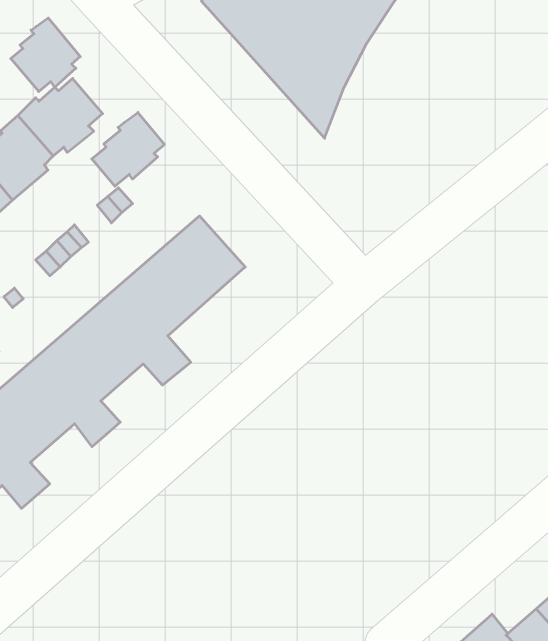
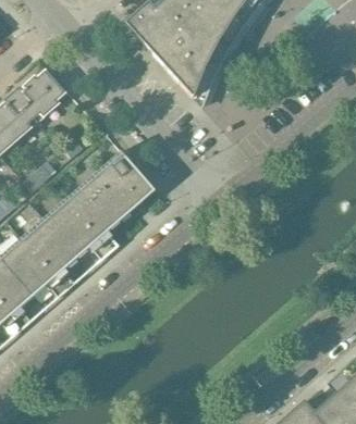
building: [11,18,80,92] -> none
building: [92,112,164,186] -> none

